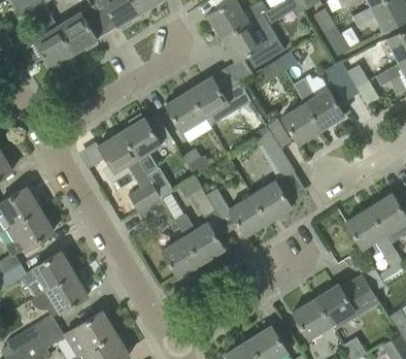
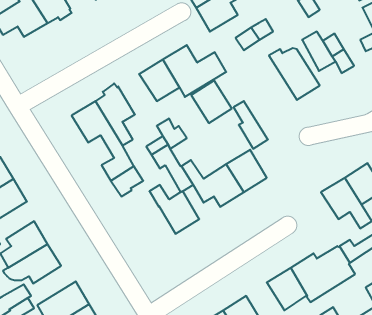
building: [281,102,322,144] -> [191,81,232,123]
building: [162,235,201,278] -> none

